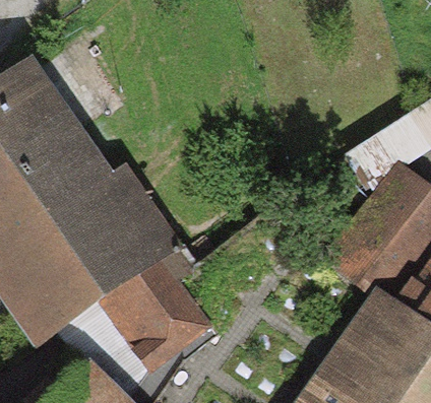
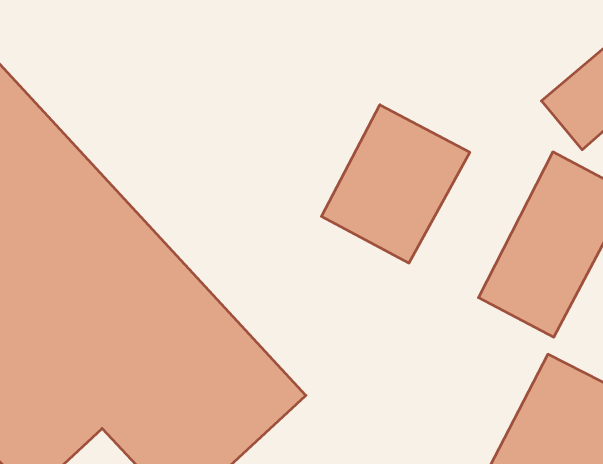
building: none -> [321,105,470,263]

